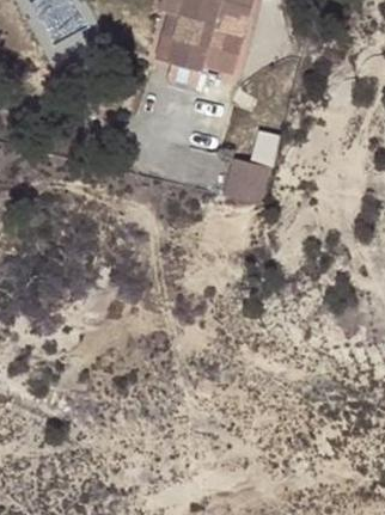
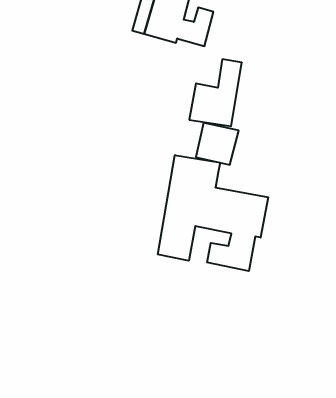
building: none -> [158,155,268,271]

